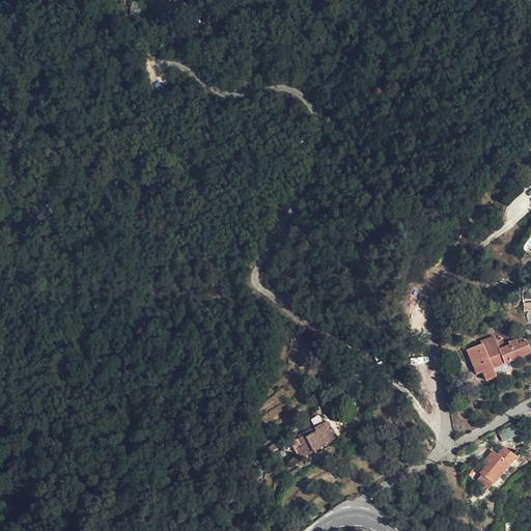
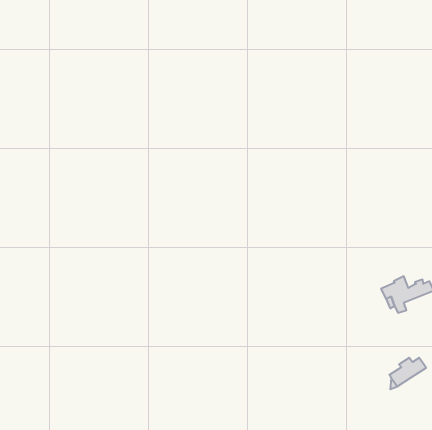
building: [297,419,337,455] -> none

